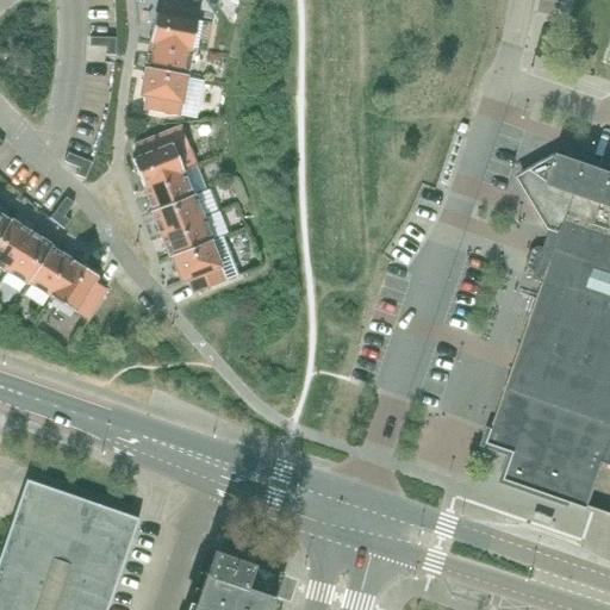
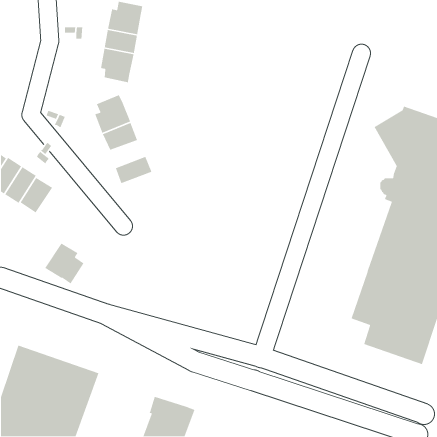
building: [151,194,204,234] -> none
building: [169,236,238,293] -> none
building: [51,261,107,319] -> [44,242,84,284]

